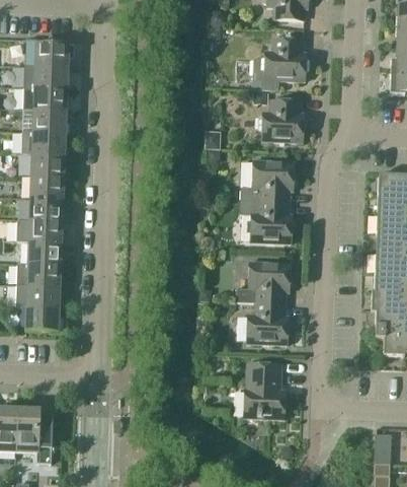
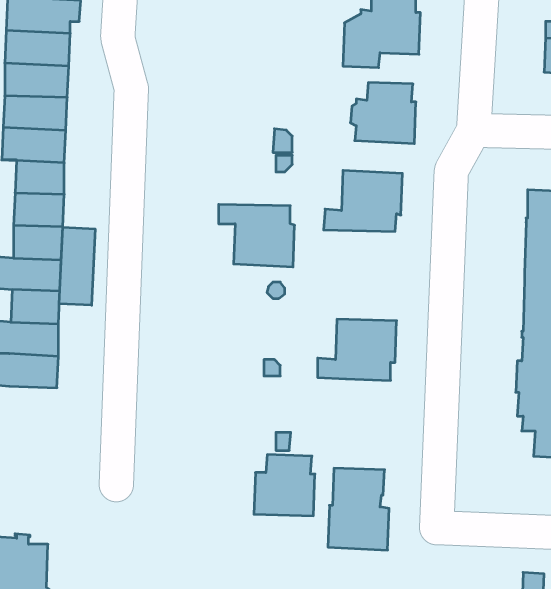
building: none -> [59,227,95,305]
building: [240,200,292,242] -> [219,204,295,267]
building: [246,301,288,343] -> [254,455,315,516]
building: [25,306,65,331] -> none

